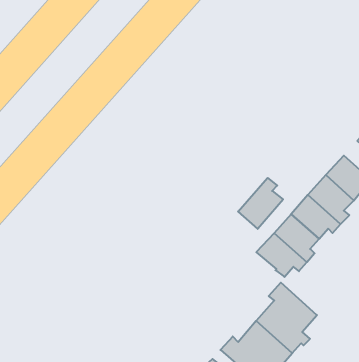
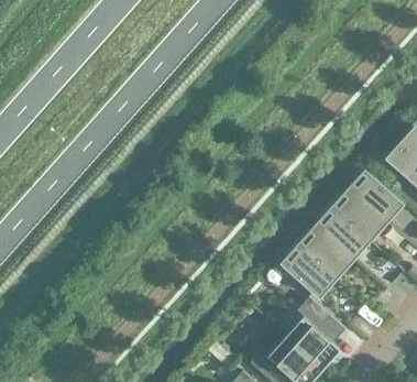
building: [238,178,283,229] -> none

